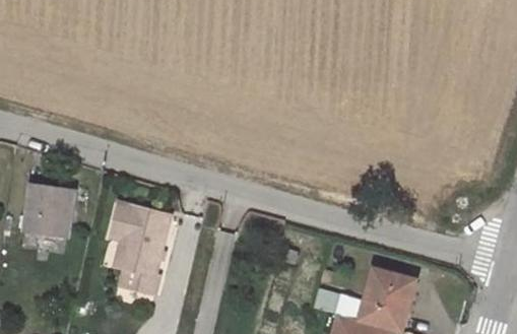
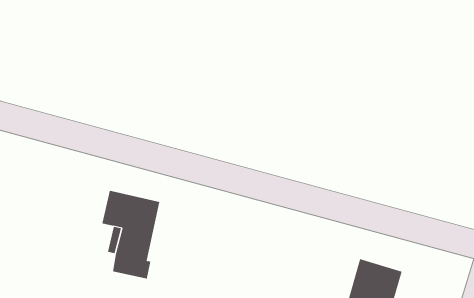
building: [24,183,73,235] -> none

